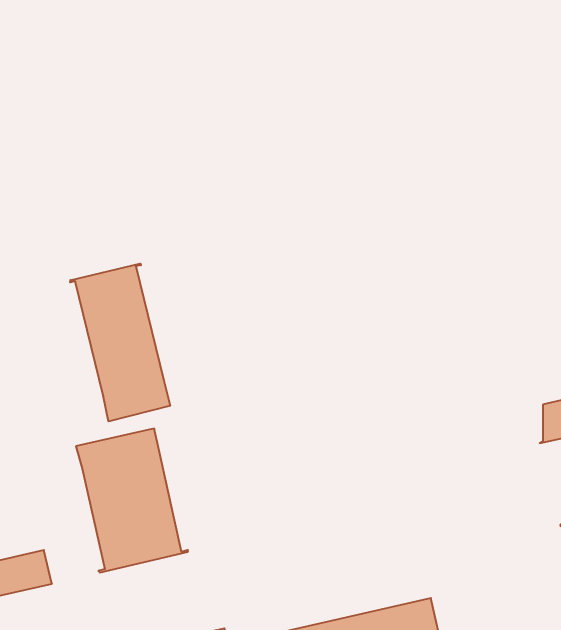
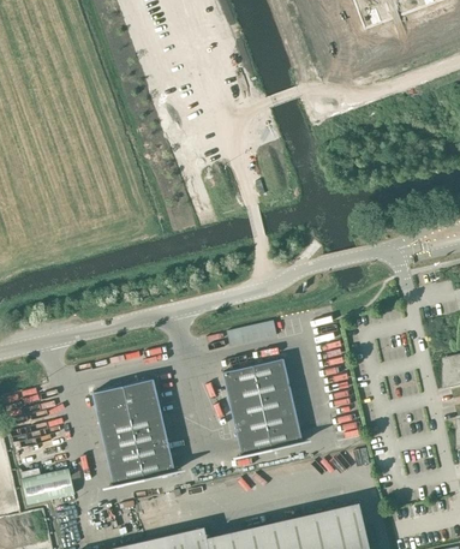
building: [70,264,170,421] -> none
building: none -> [221,357,301,454]

